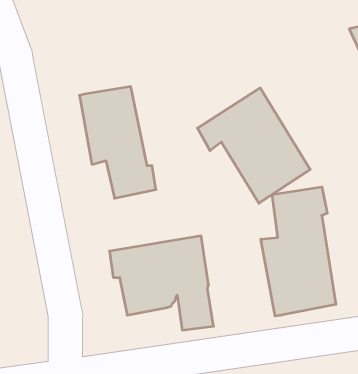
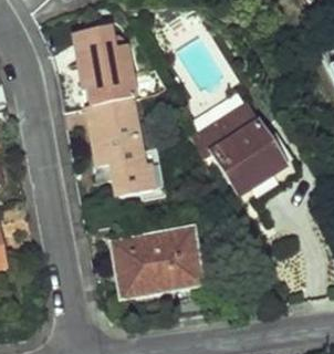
building: none -> [75,29,135,104]
building: [261,187,336,316] -> none

